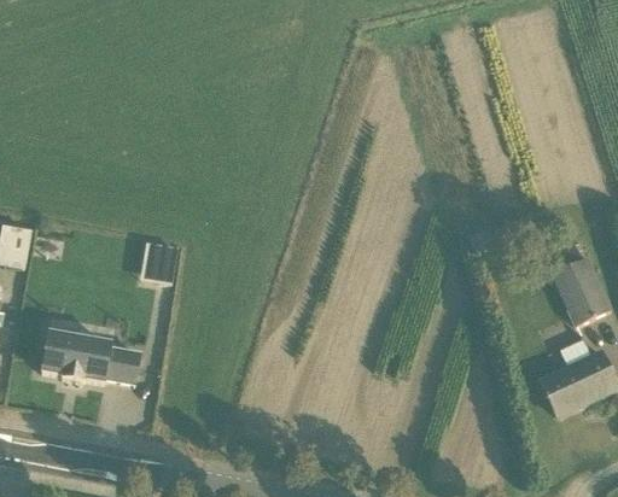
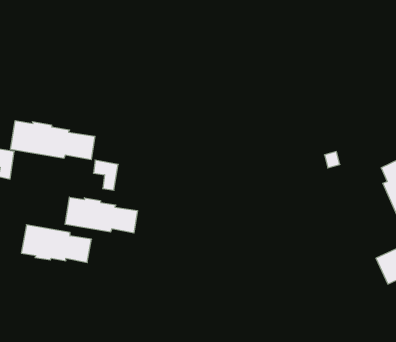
building: none -> [11,121,95,160]
building: none -> [65,197,137,233]

